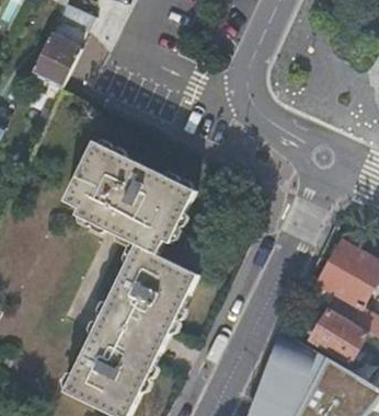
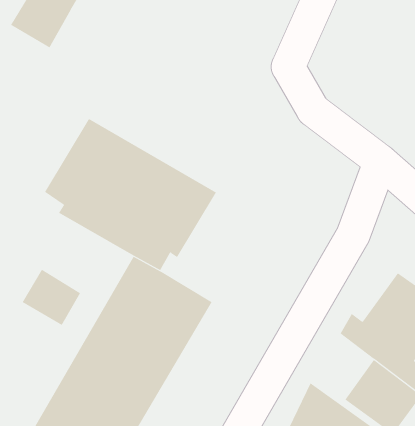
building: none -> [22,269,81,326]

